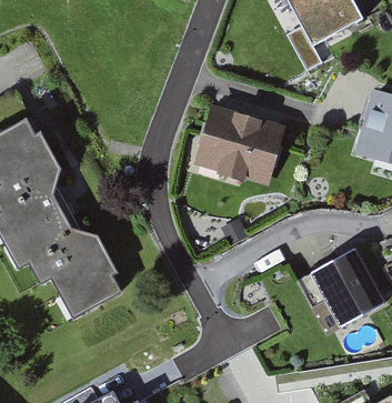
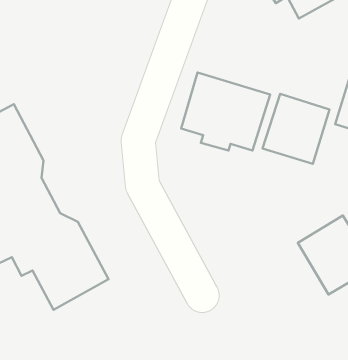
building: none -> [263,94,330,164]

